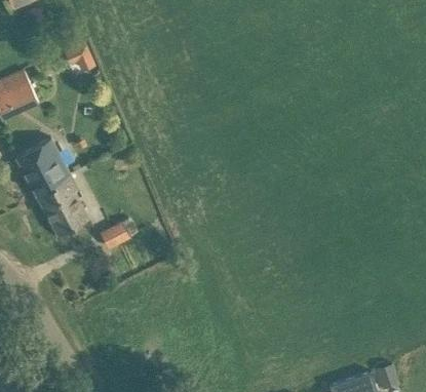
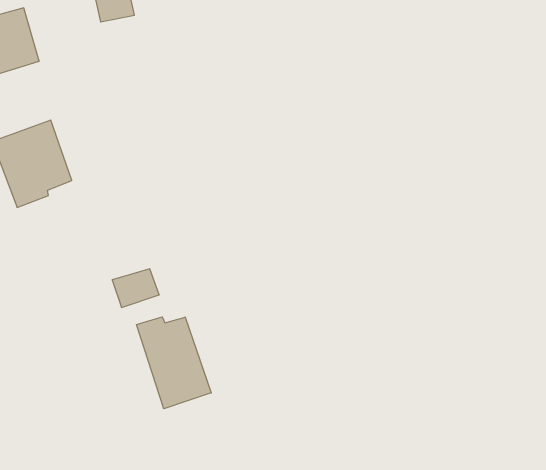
building: [36,173,87,234] -> none
building: none -> [137,317,211,409]

